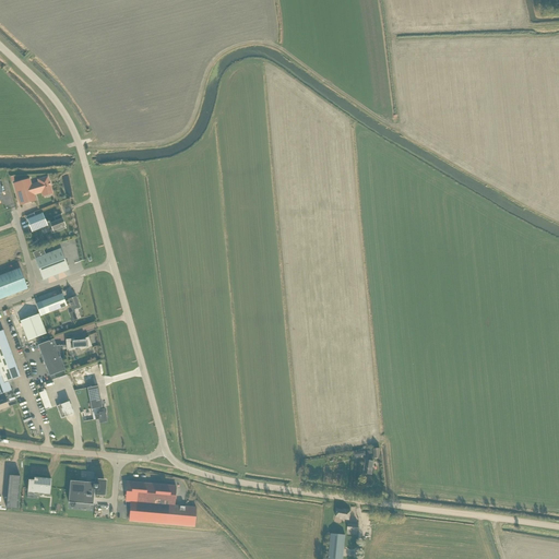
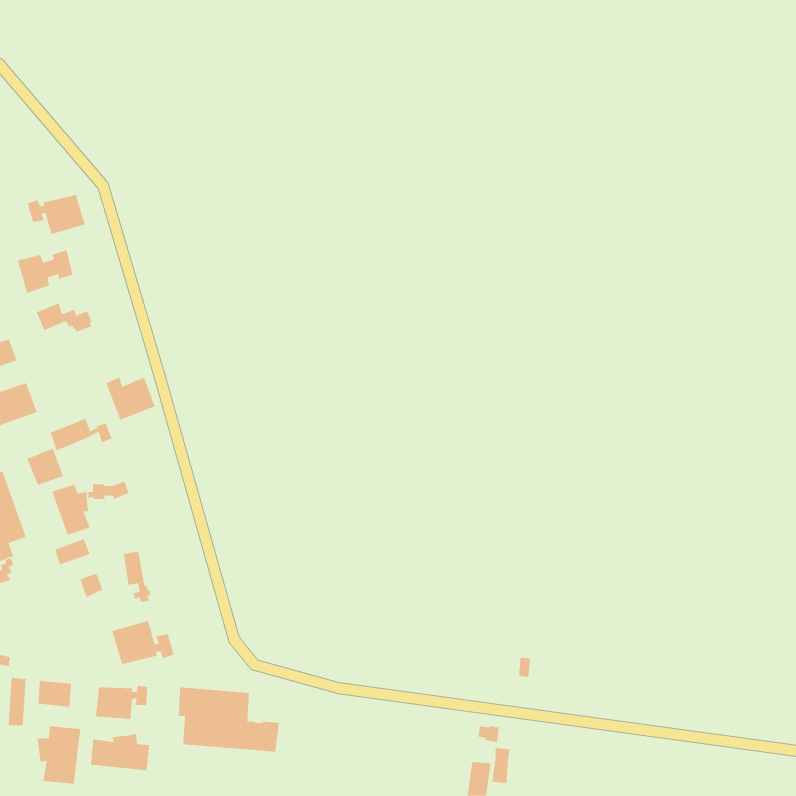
building: none -> [27,194,86,235]
building: [32,248,67,278] -> [106,377,156,420]
building: none -> [111,620,174,665]
building: none -> [36,725,81,785]
building: none -> [91,733,149,771]

